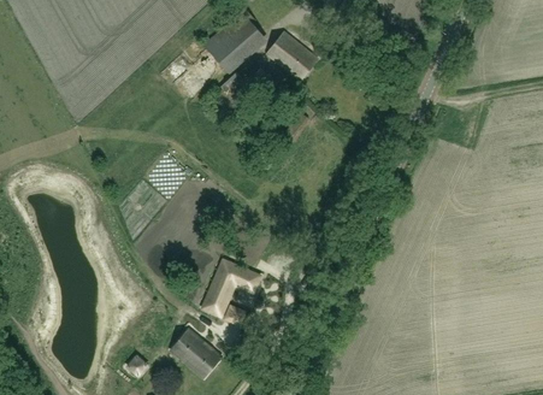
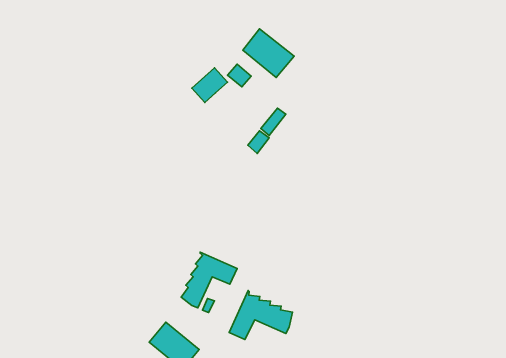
building: [201,8,267,75] -> none
building: none -> [229,291,292,340]

